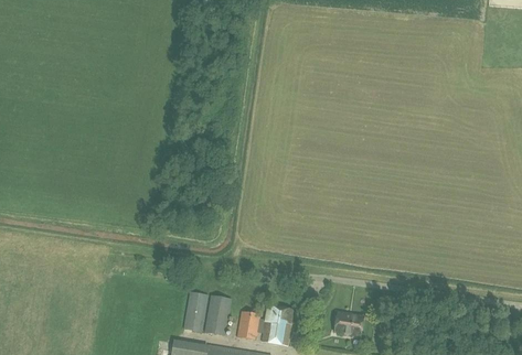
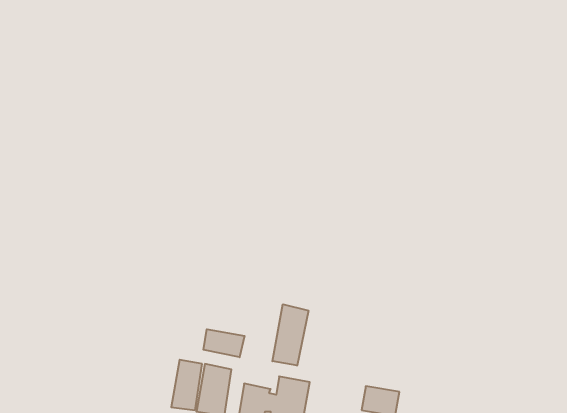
building: none -> [272,304,308,366]
building: none -> [203,329,245,357]

